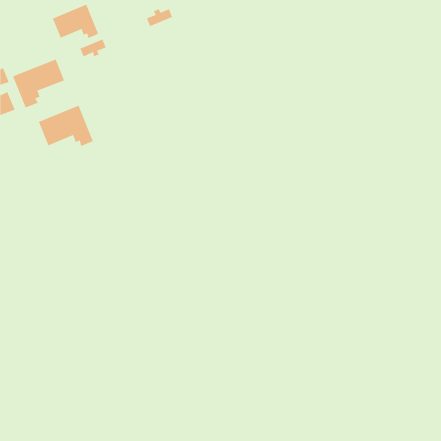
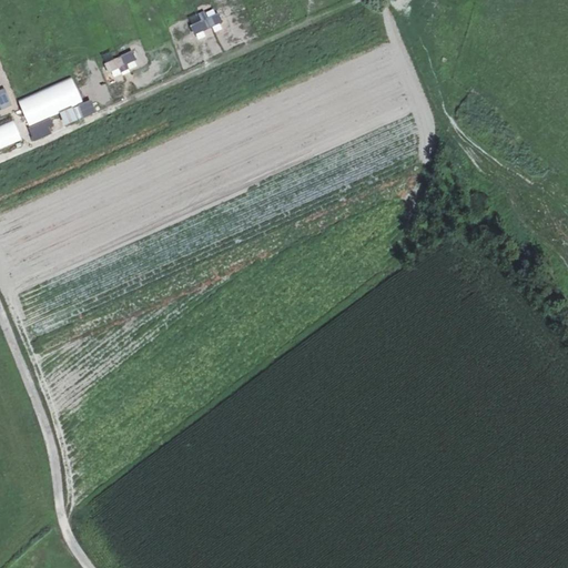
building: [52,4,99,39] -> none
building: [38,105,93,147] -> none

